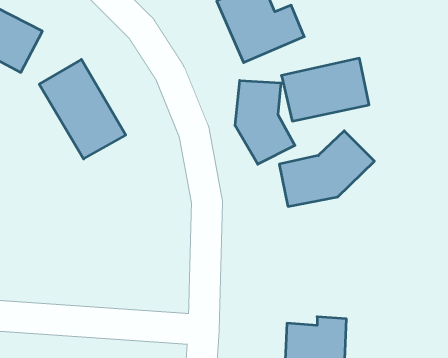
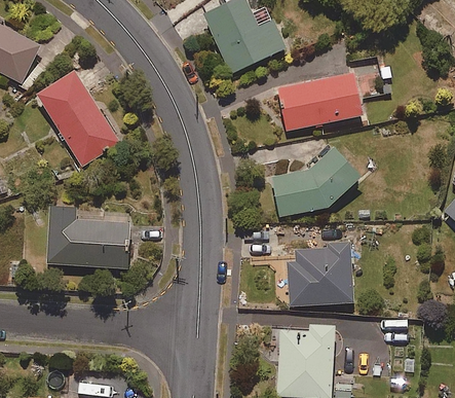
building: [235,80,295,164] -> none
building: none -> [53,210,138,273]
building: none -> [285,237,352,304]

